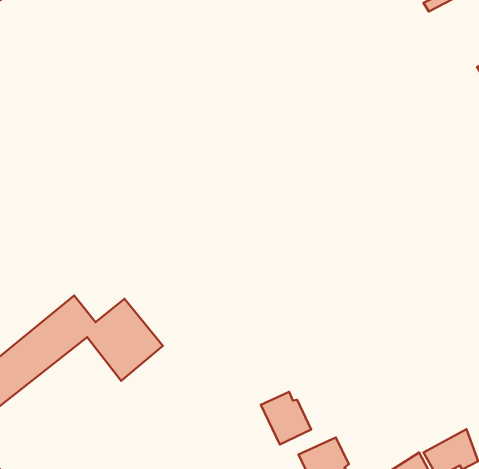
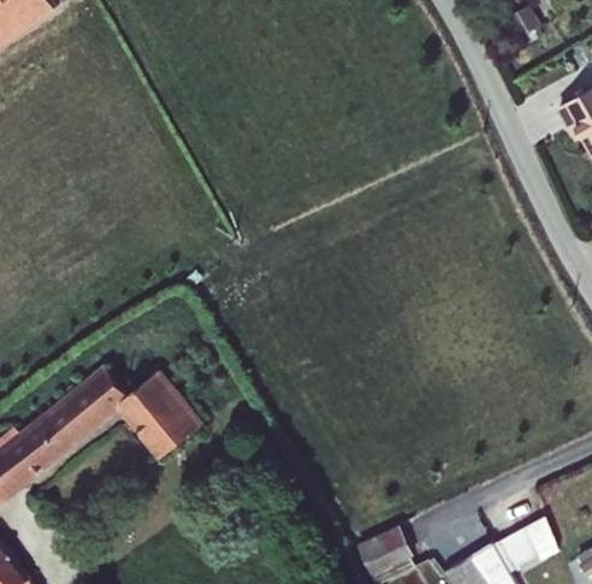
building: [261,392,311,445] -> none

